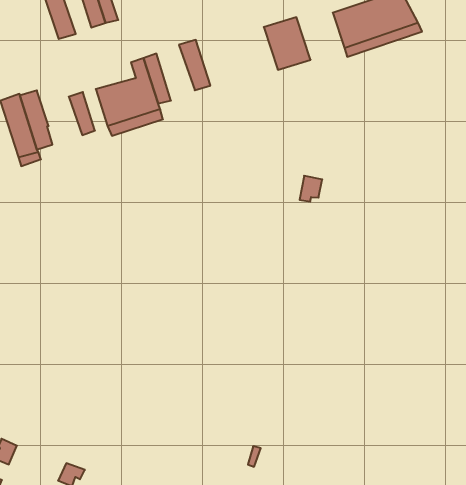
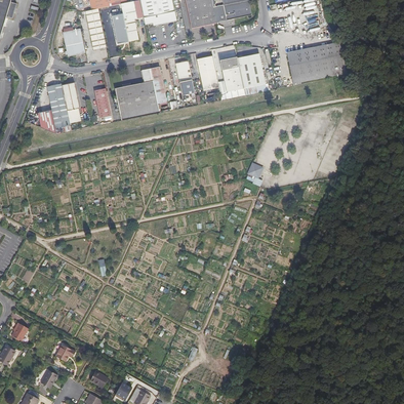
building: none -> [60,27,82,54]
building: none -> [219,55,242,90]
building: none -> [198,54,217,88]

